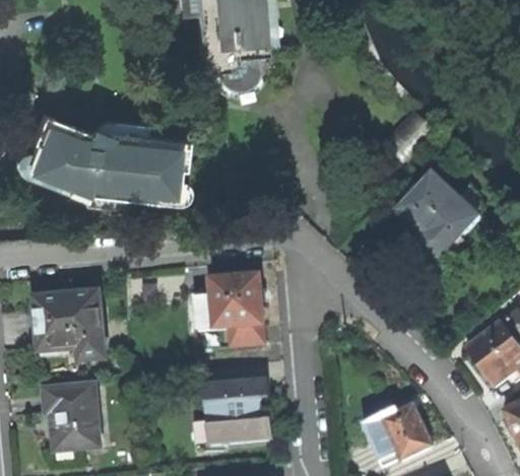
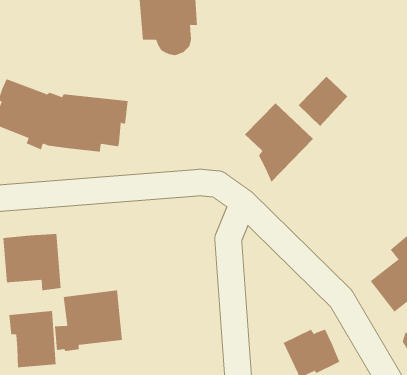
building: [399,173,480,267] -> [244,102,314,183]
building: [191,275,266,345] -> none
building: [194,377,274,449] -> [54,290,123,351]

